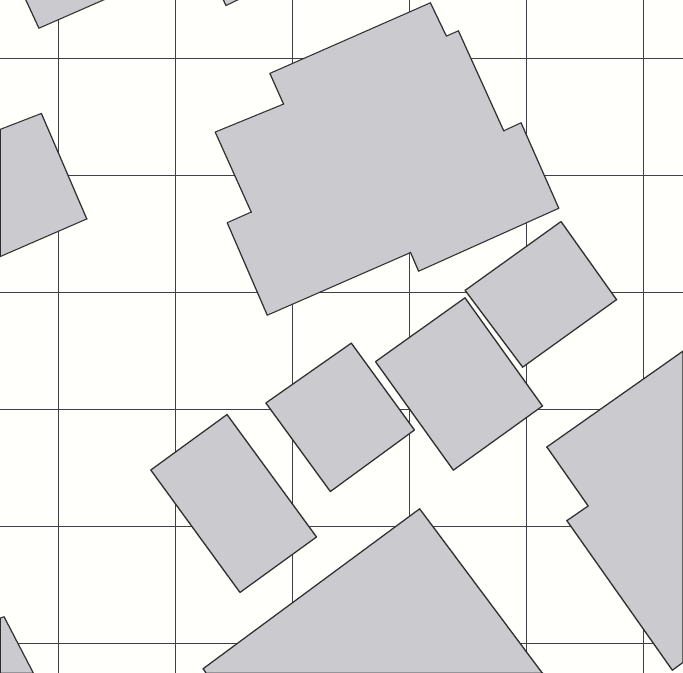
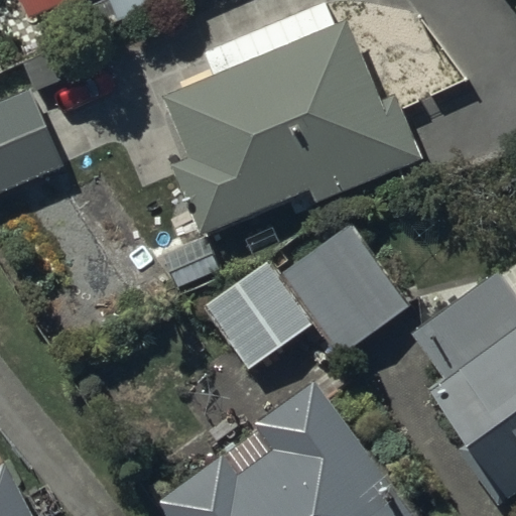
building: [465,222,617,367] -> none
building: [151,414,316,592] -> none

